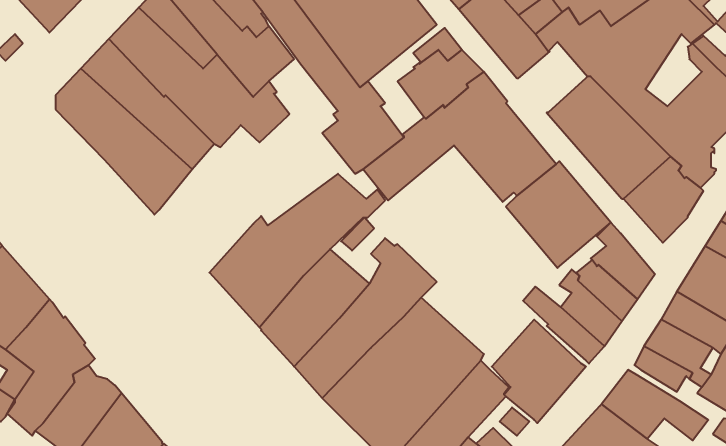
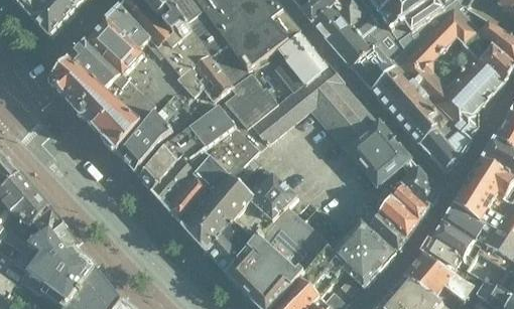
building: none -> [350,41,394,87]
building: none -> [192,53,232,97]
building: none -> [120,89,211,171]
building: none -> [138,105,234,189]

